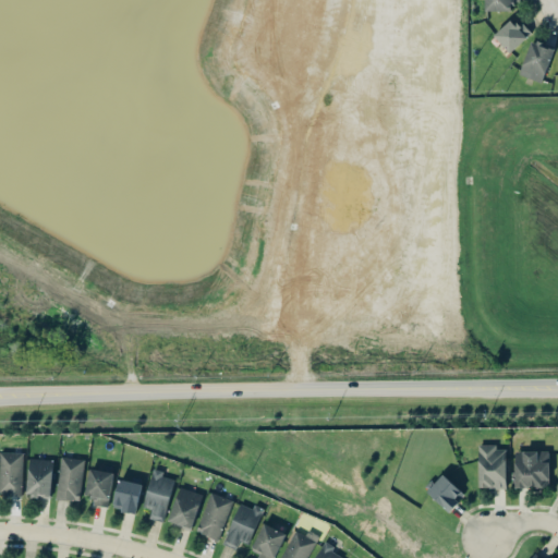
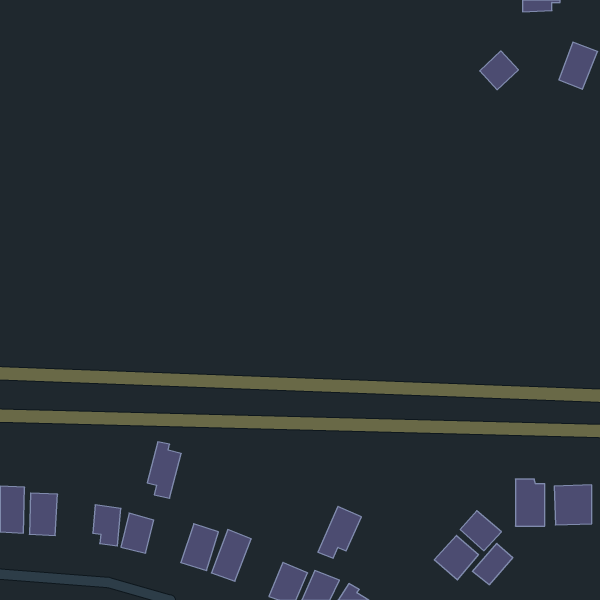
building: [494,16,530,52] -> [480,51,518,90]
building: [56,457,85,501] -> none
building: [143,469,174,521] -> [147,442,181,498]
building: none -> [434,535,478,580]
building: [222,501,263,549] -> [318,506,361,558]
building: none -> [472,543,513,585]

